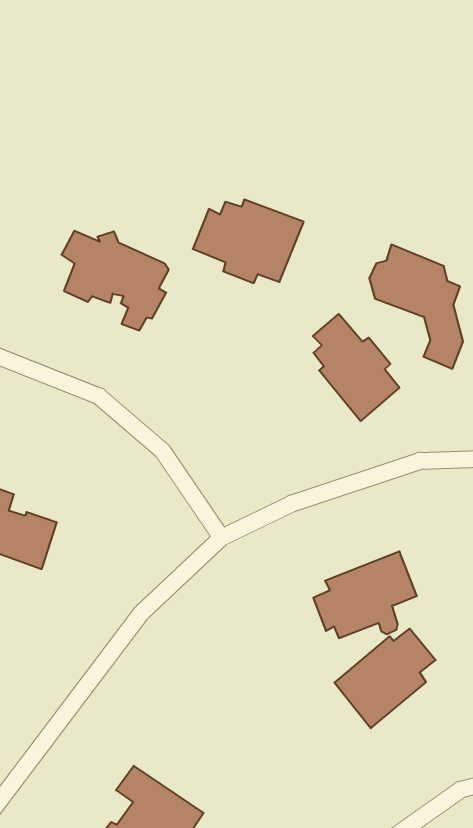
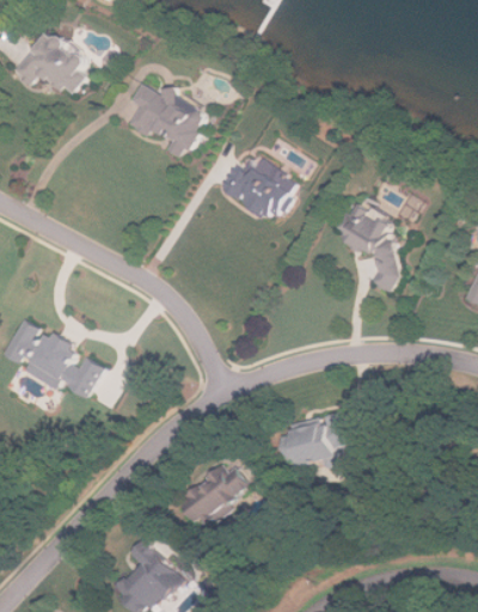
building: [61,231,169,330] -> [128,85,202,159]
building: [313,314,399,421] -> none
building: [334,629,436,728] -> [180,465,252,531]

